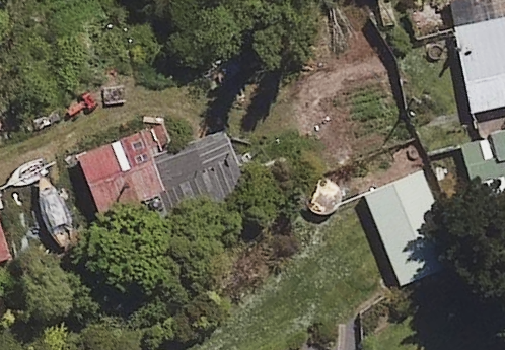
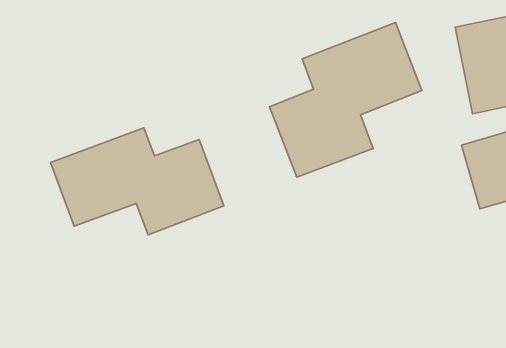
building: none -> [269,23,422,177]
building: [365,171,459,283] -> none

